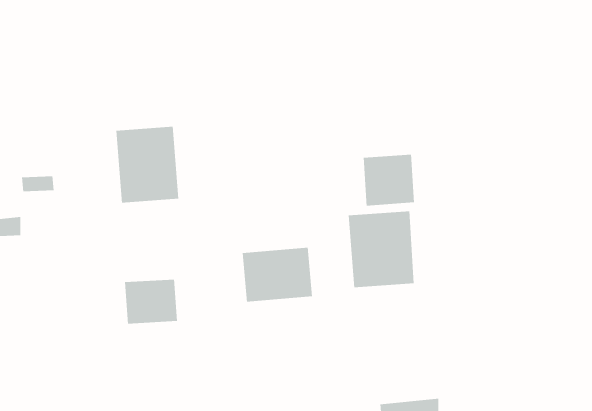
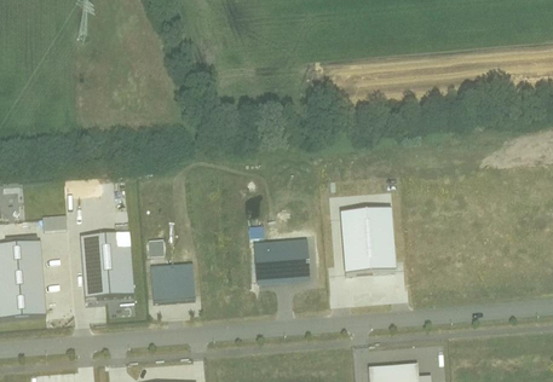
building: [115,126,179,203] -> [81,231,134,295]
building: [363,154,415,206] -> none

